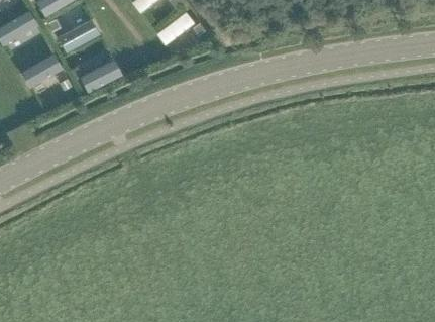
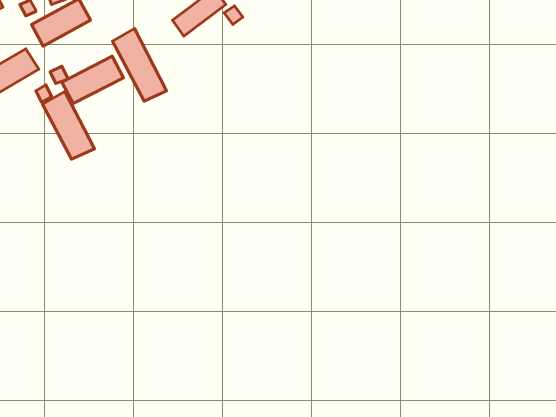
building: none -> [113,29,166,101]
building: none -> [43,91,94,159]

